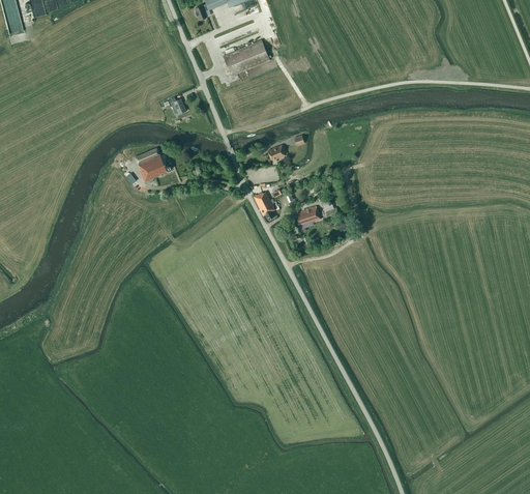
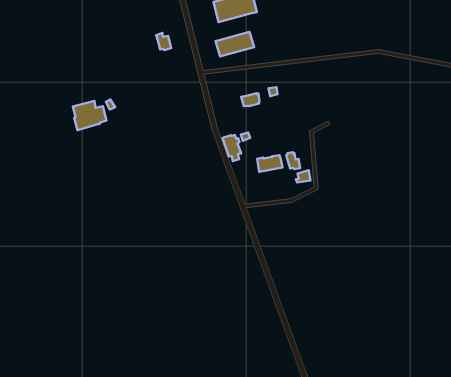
building: none -> [215,32,254,56]
building: [136,149,173,182] -> [73,101,107,130]

